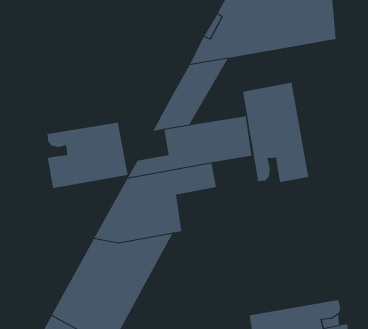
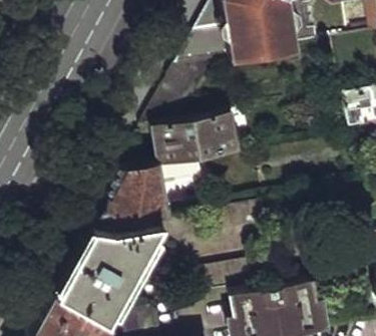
building: [243,82,309,183] -> none
building: [47,122,128,189] -> none

